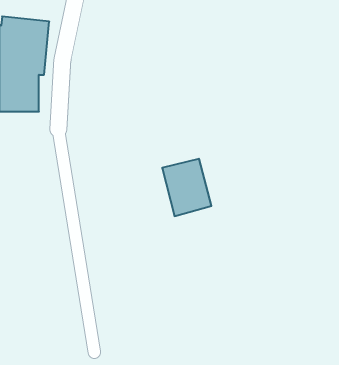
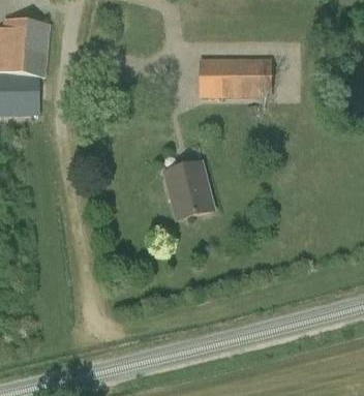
building: none -> [199,58,270,97]

